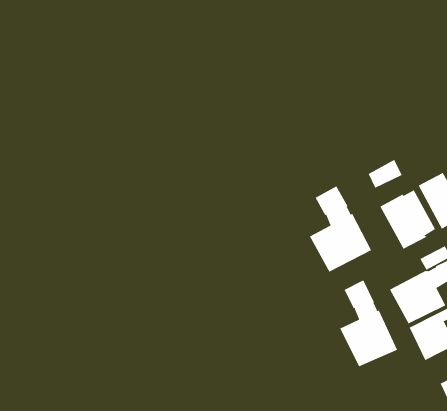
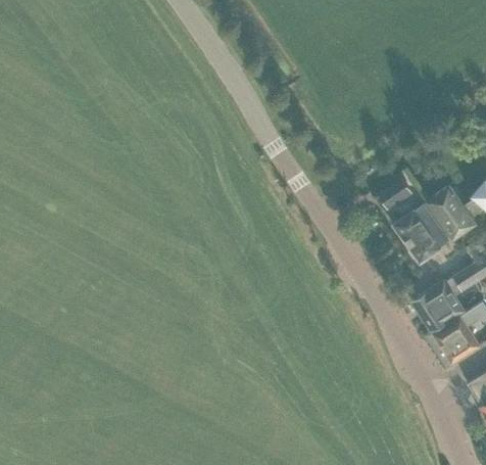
building: [309,185,372,272] -> none
building: [340,280,398,367] -> none

